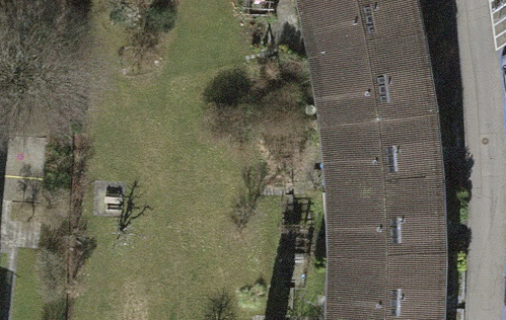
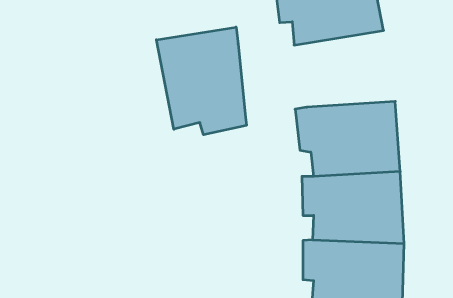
building: none -> [156,27,246,135]
building: [315,36,430,116] -> none

